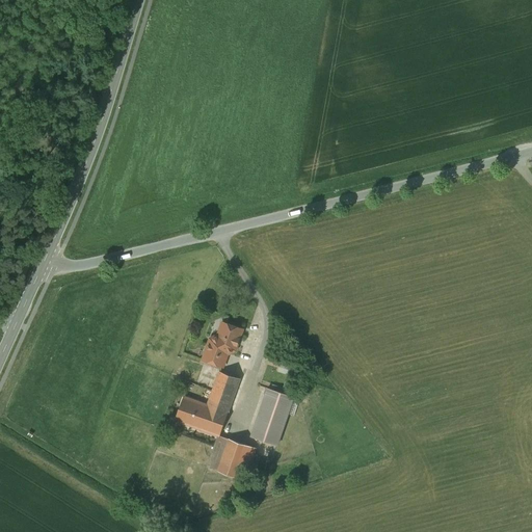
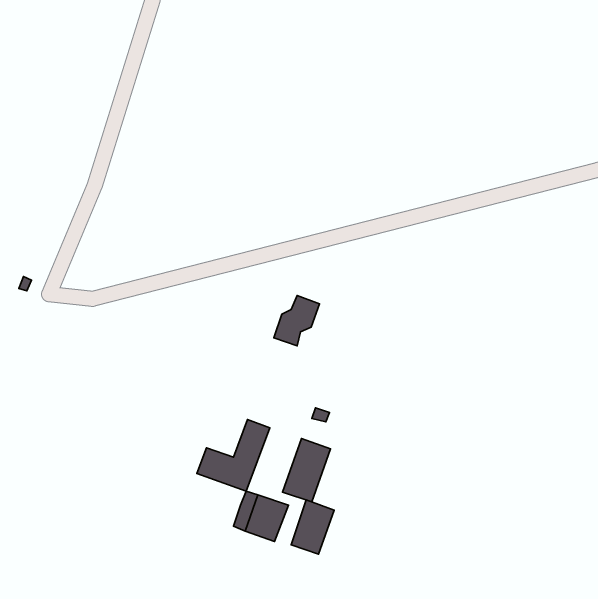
building: [202,322,242,367] -> [274,296,319,346]
building: none -> [291,500,334,554]

